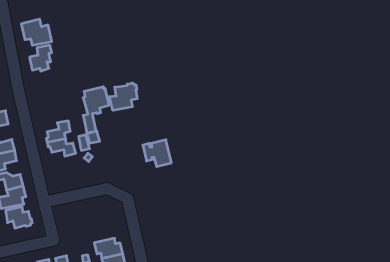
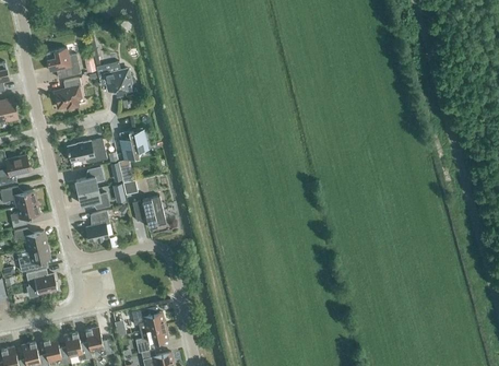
building: none -> [96,61,135,96]
building: [109,83,137,110] -> none
building: none -> [67,138,107,163]
building: [143,140,171,167] -> [132,196,166,227]
building: none -> [85,210,109,241]

